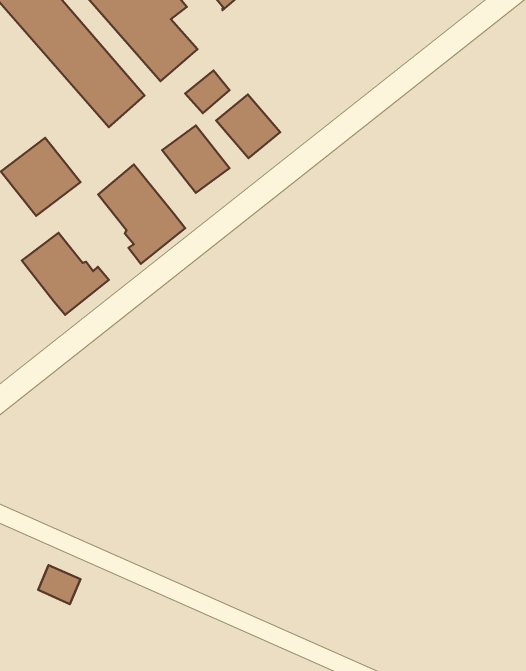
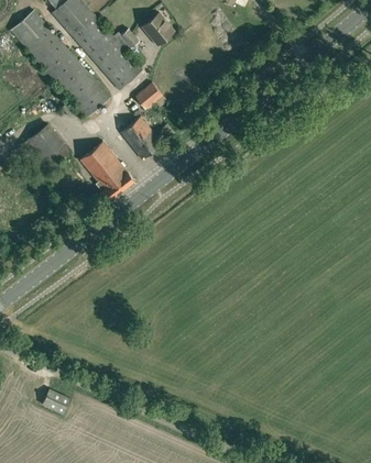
building: [216,95,280,158] -> none
building: [22,233,109,315] -> none

